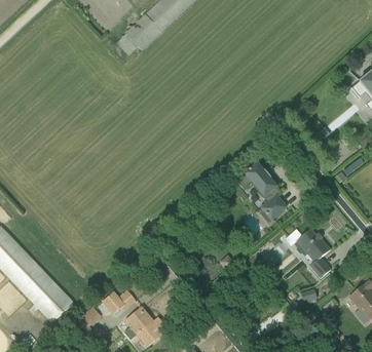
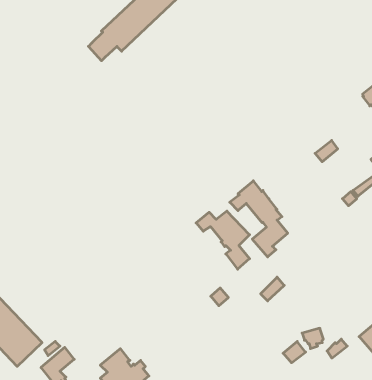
building: [285,229,331,279] -> [196,211,250,269]
building: [102,289,137,315] -> none

